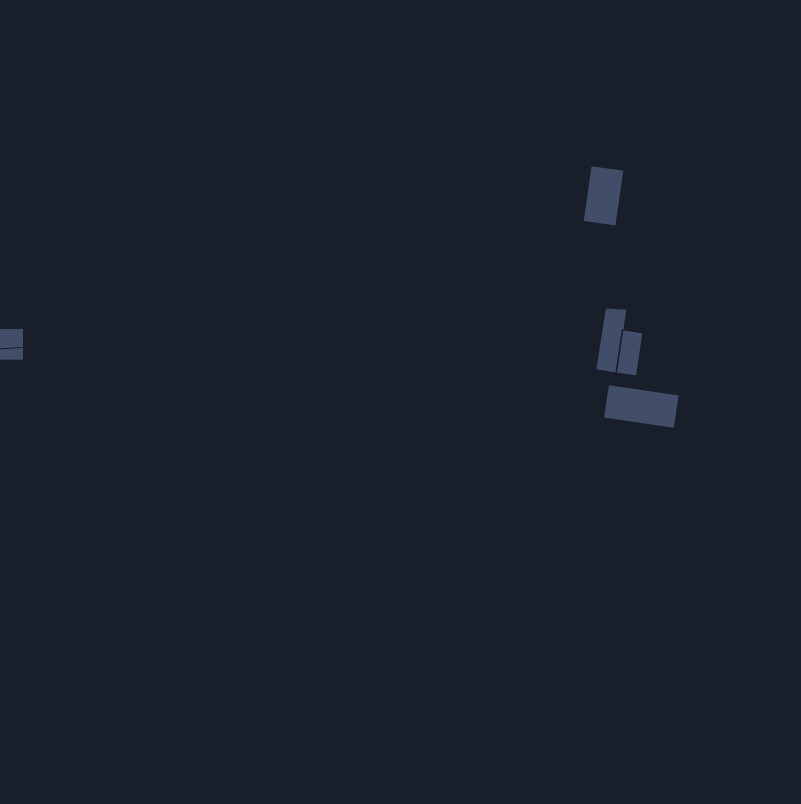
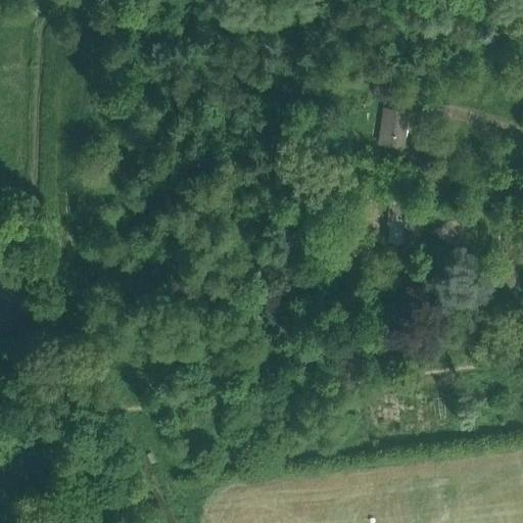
building: [603,384,679,429] -> none

